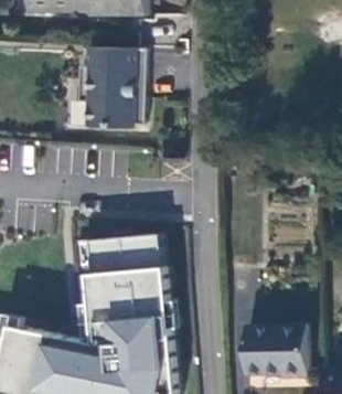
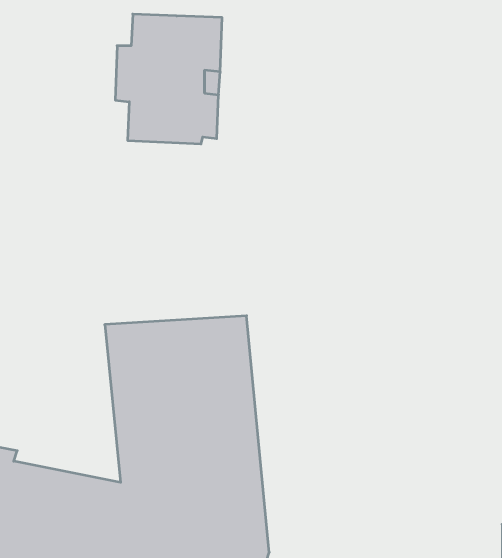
building: [244,324,306,375] -> none

